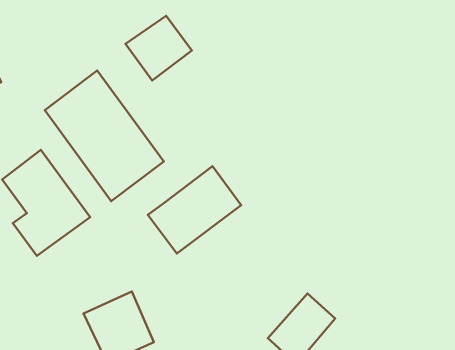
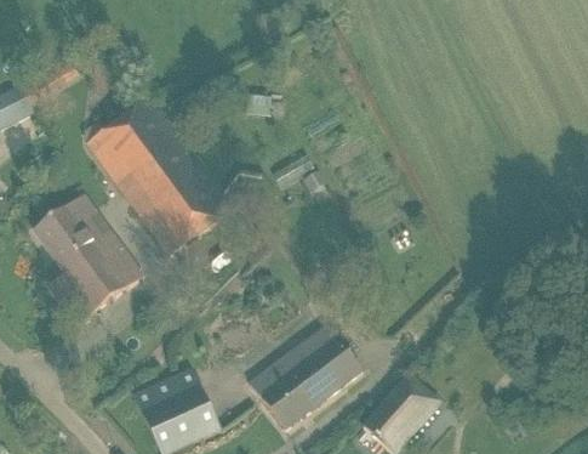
building: [126,16,192,80] -> none
building: [148,166,241,254] -> [249,323,362,430]

